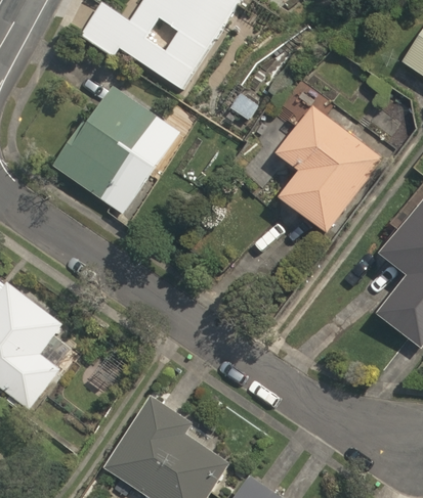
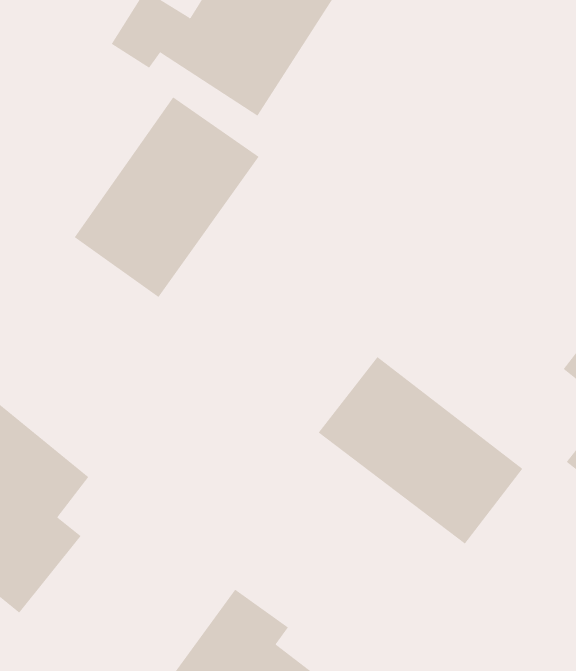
building: [271,97,382,233] -> none
building: none -> [318,356,523,545]

